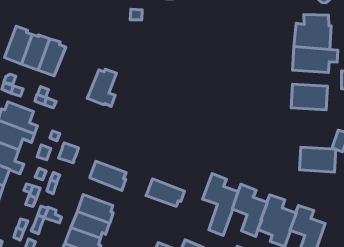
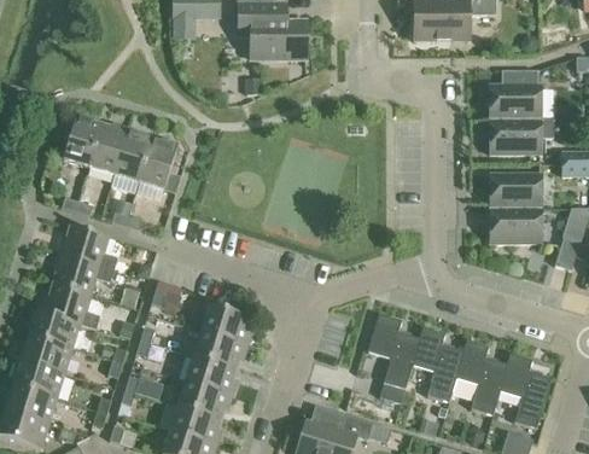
building: [87,69,116,106] -> [138,138,179,192]
building: [299,147,336,172] -> [490,209,542,243]
building: [146,179,185,206] -> [191,330,247,368]

